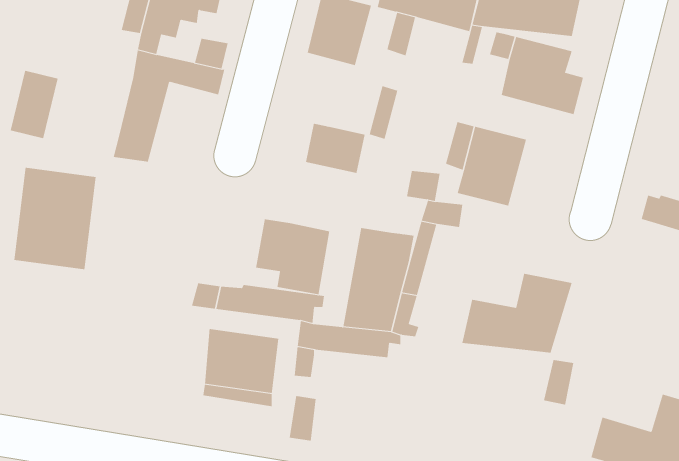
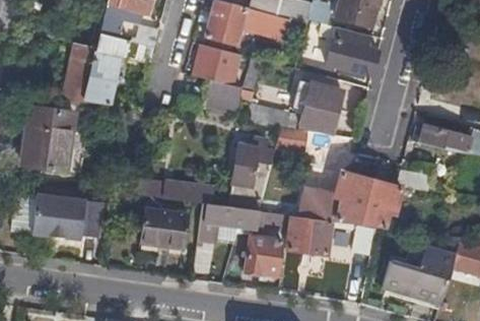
building: none -> [196,44,239,81]
building: [10,70,59,139] -> [67,46,97,88]
building: [255,218,330,295] -> none
building: none -> [358,179,402,227]
building: none -> [31,198,101,243]
building: none -> [288,214,331,253]
building: none -> [244,235,281,274]

